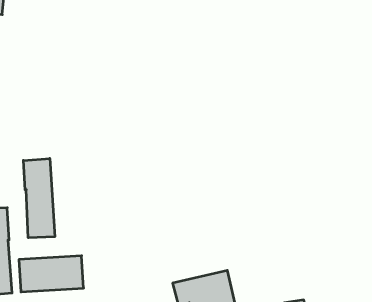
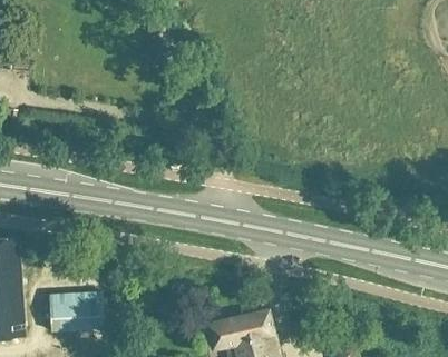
building: [23,158,55,238] -> none

